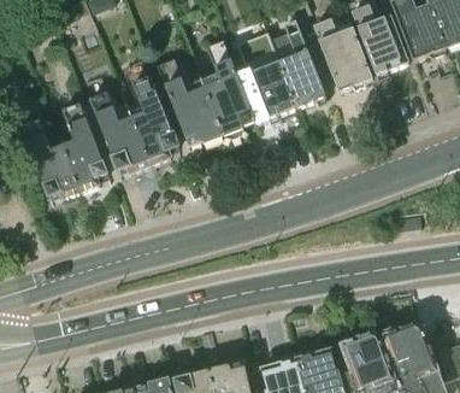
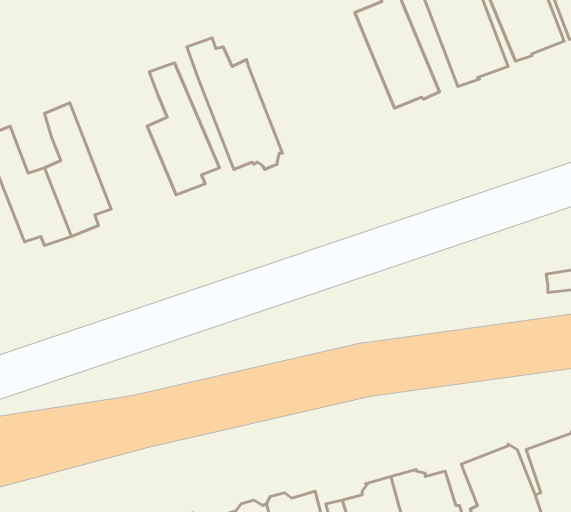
building: [199,40,255,139] -> none
building: [240,43,296,119] -> none
building: [90,92,151,172] -> none

